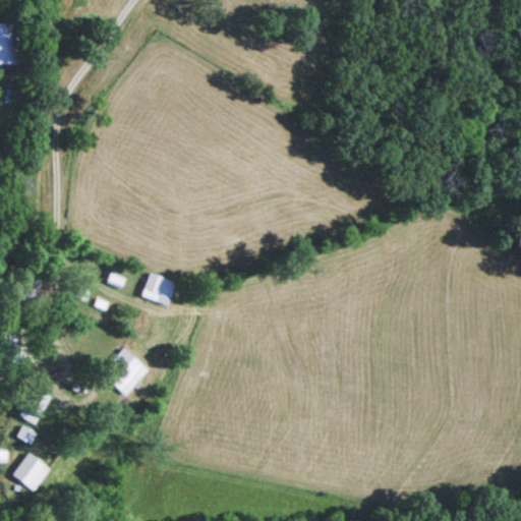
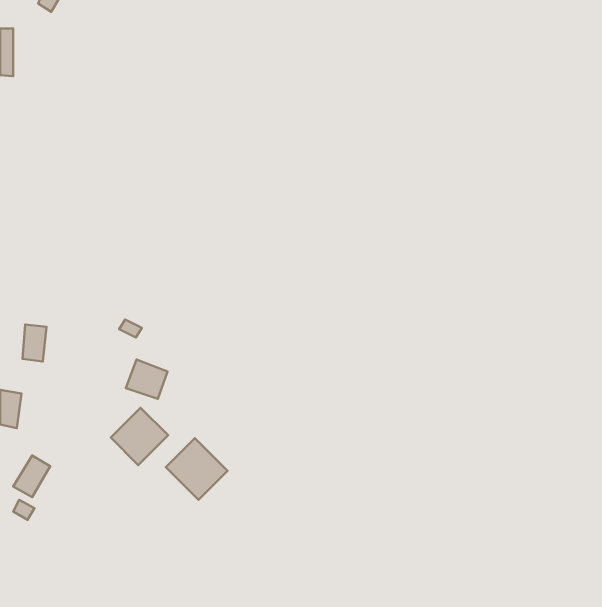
building: [141,272,177,305] -> [126,359,168,399]
building: none -> [166,438,227,500]
building: [10,453,49,491] -> none

